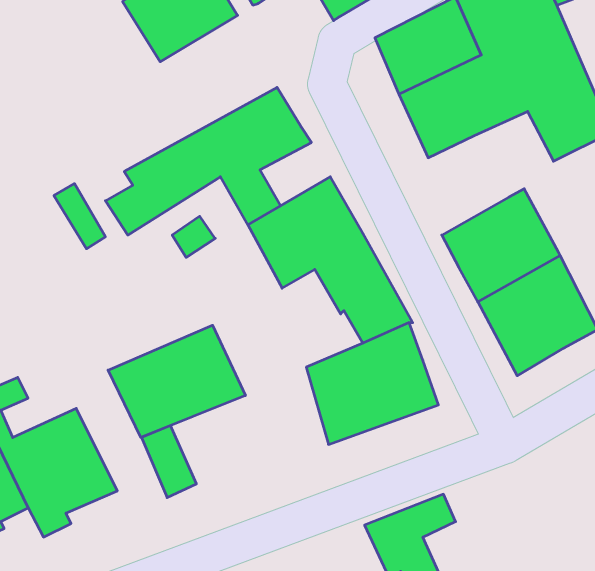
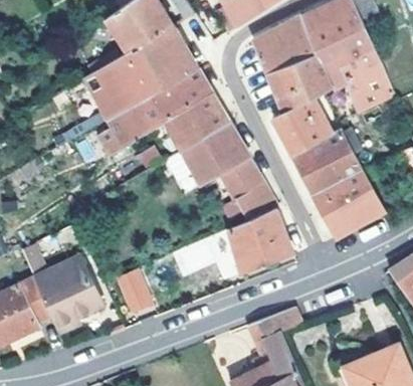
building: none -> [86,26,197,118]
building: none -> [272,96,333,155]
building: none -> [187,101,228,138]
building: [108,325,245,437] -> none

